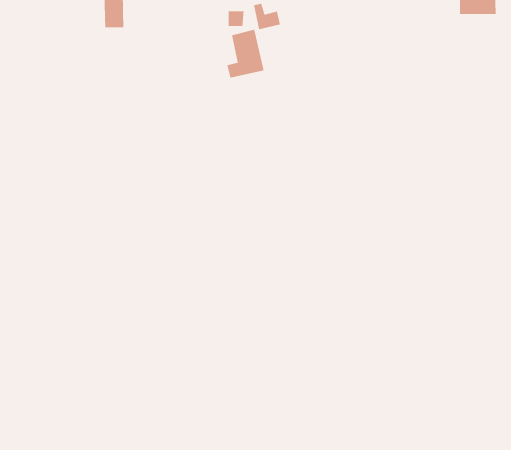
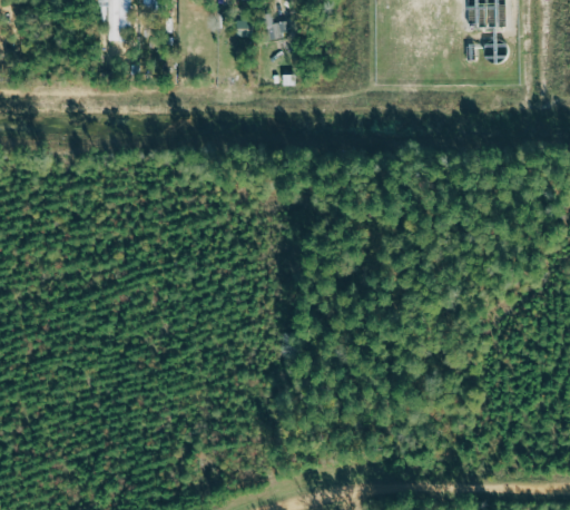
building: [226,29,264,78] -> none

